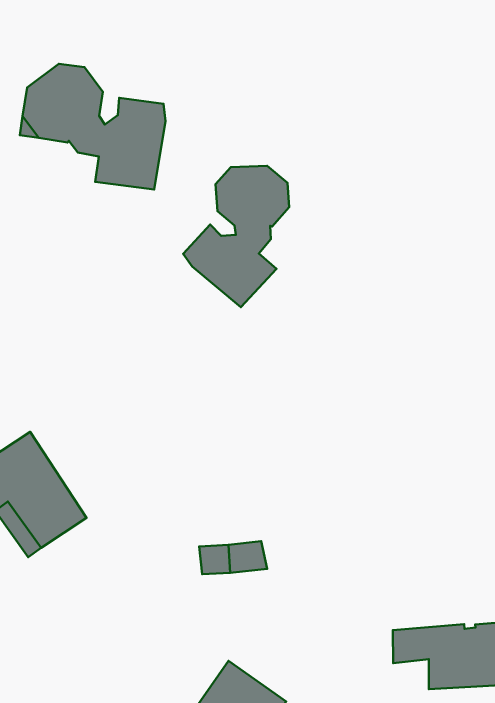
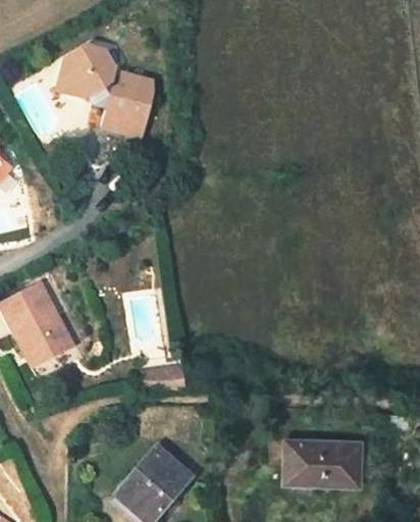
building: [183,166,289,307] -> none

